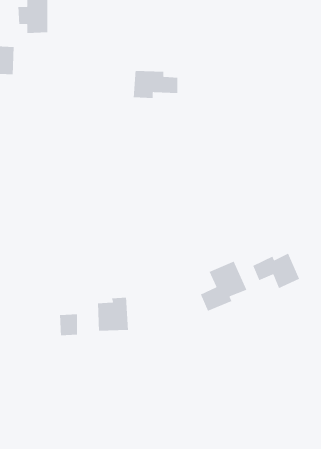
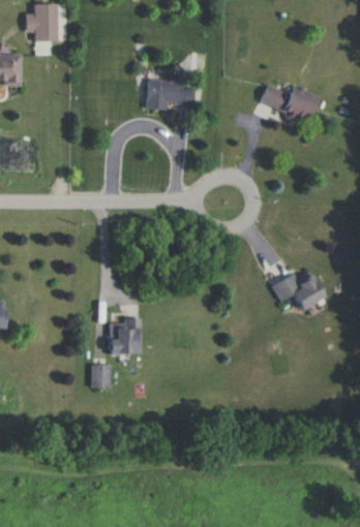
building: none -> [260,84,319,120]
building: [200,260,247,312] -> none
building: [59,314,78,336] -> [91,364,111,388]

